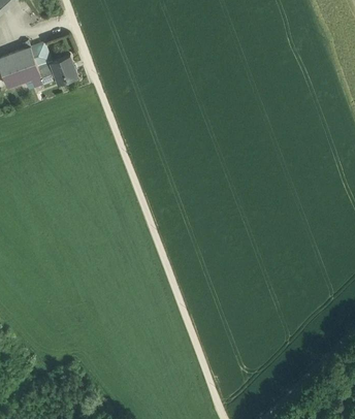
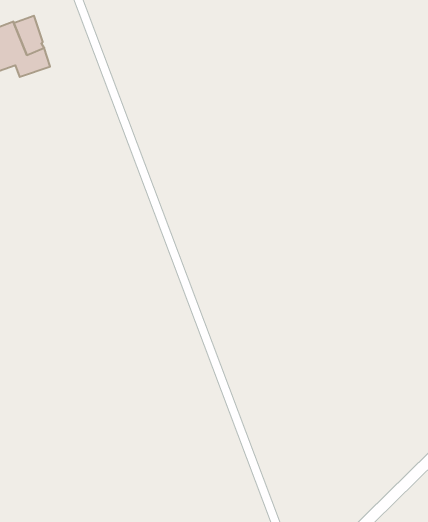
building: [47,56,75,85] -> none

